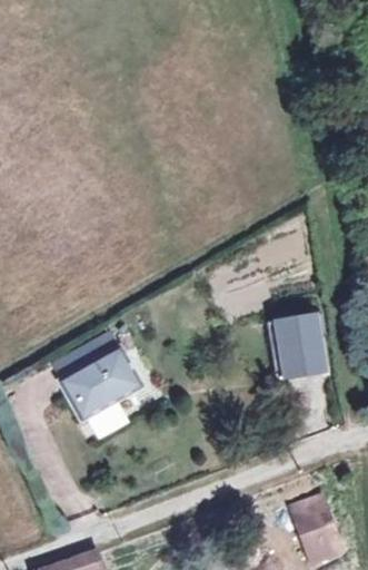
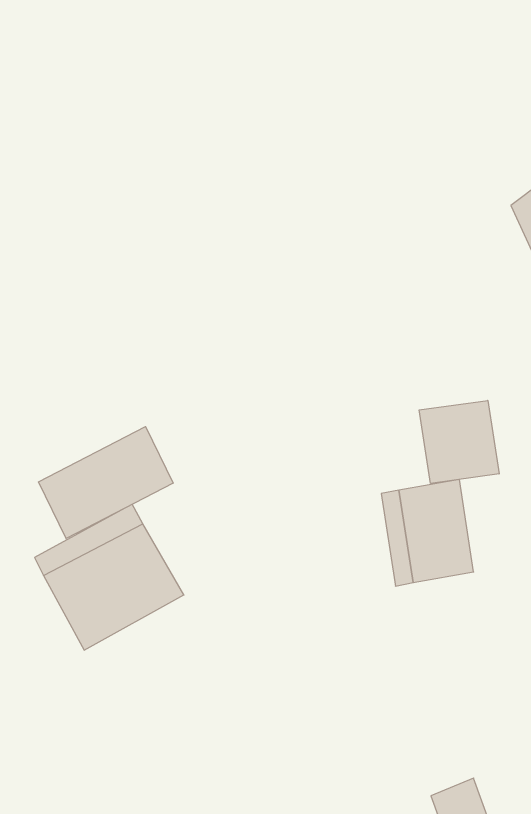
building: none -> [419,400,499,483]
building: none -> [39,427,173,539]

